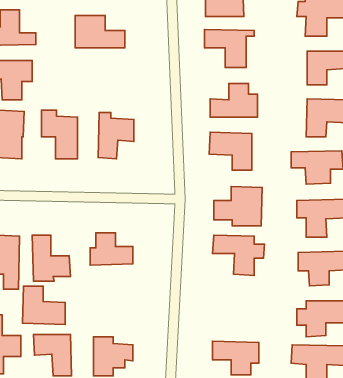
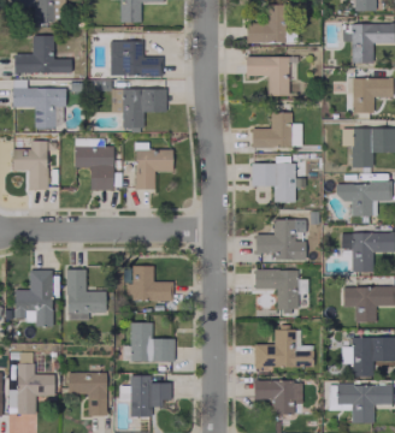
building: none -> [122,89,166,130]
building: [22,286,65,324] -> [130,322,175,362]
building: none -> [254,330,313,367]

